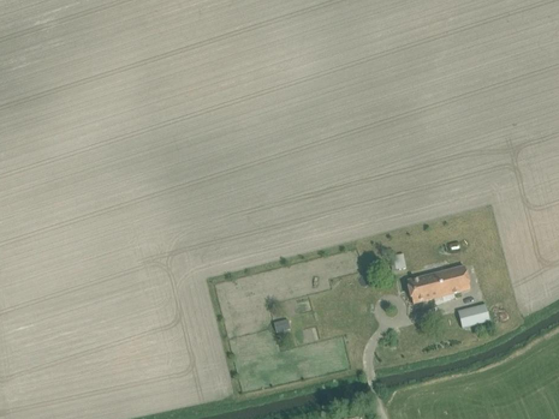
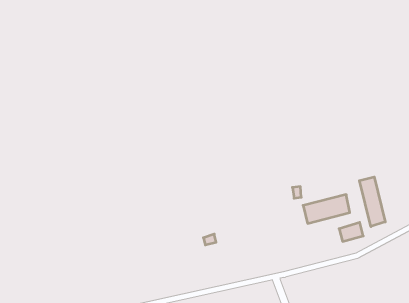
building: none -> [359,177,385,227]

